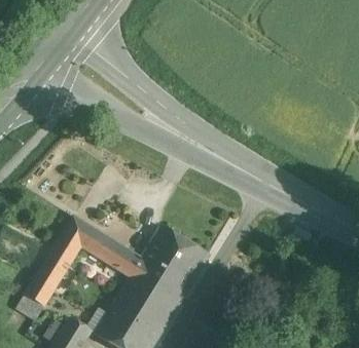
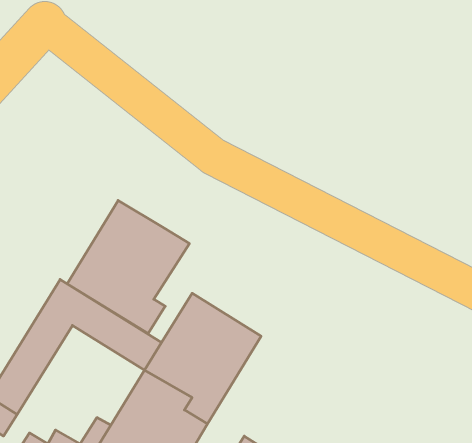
building: none -> [67,200,189,334]

